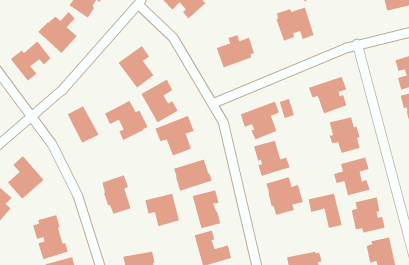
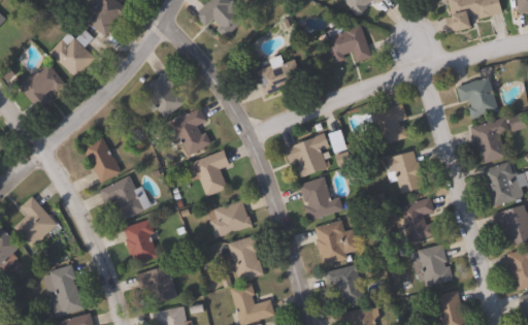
building: [104,100,149,141] -> [100,174,152,222]
building: [144,193,180,227] -> [137,265,178,304]
building: [308,193,342,229] -> [325,264,365,305]

